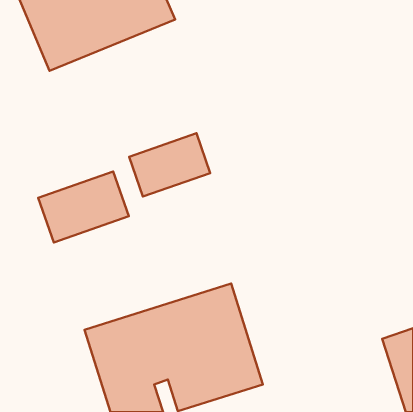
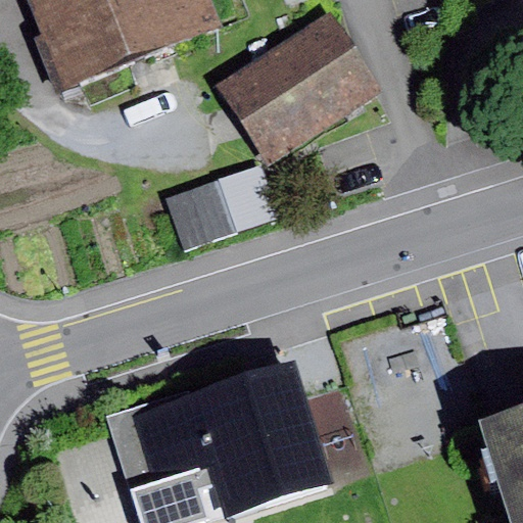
building: none -> [222,23,380,171]
building: [38,172,129,242] -> none

